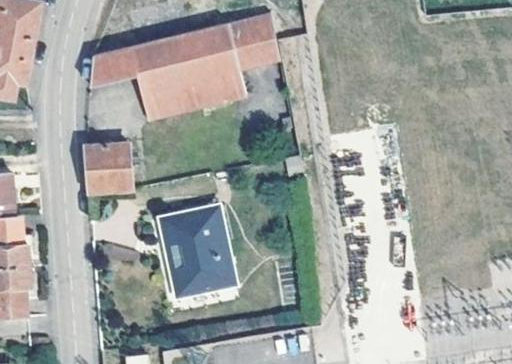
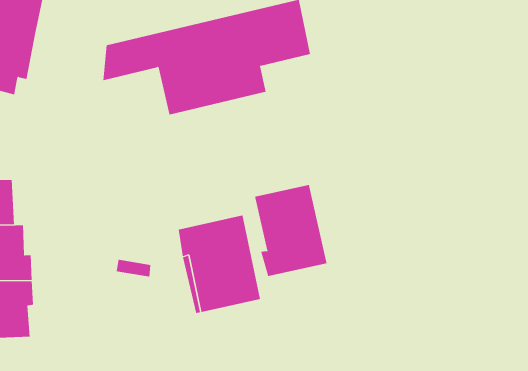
building: [84,140,135,193] -> none
building: none -> [255,184,327,277]

